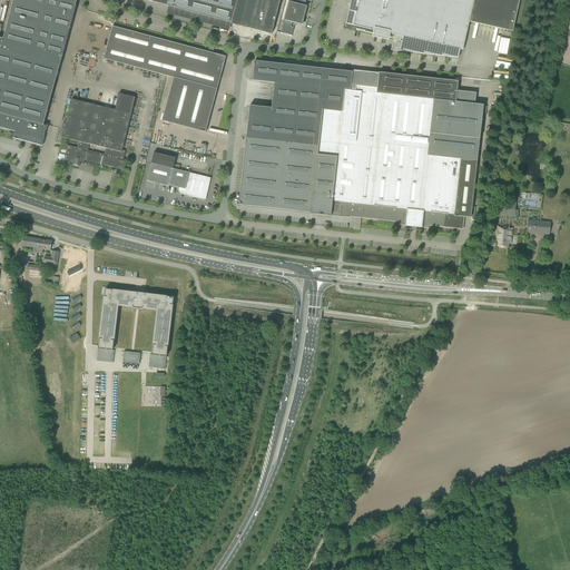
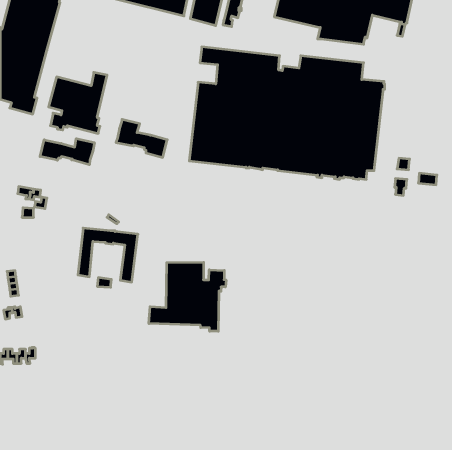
building: [104,24,225,130] -> none
building: none -> [40,139,94,165]
building: none -> [149,262,226,331]

